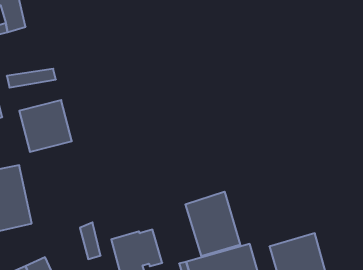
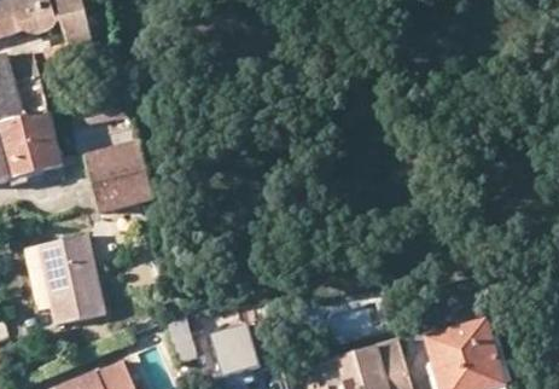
building: [185,192,240,256] -> none

